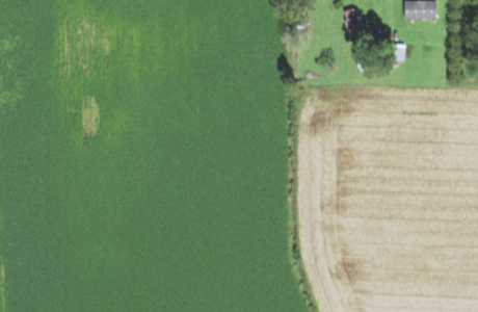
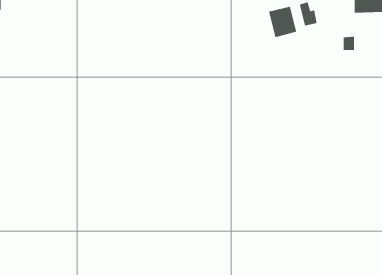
building: none -> [268,6,297,38]

